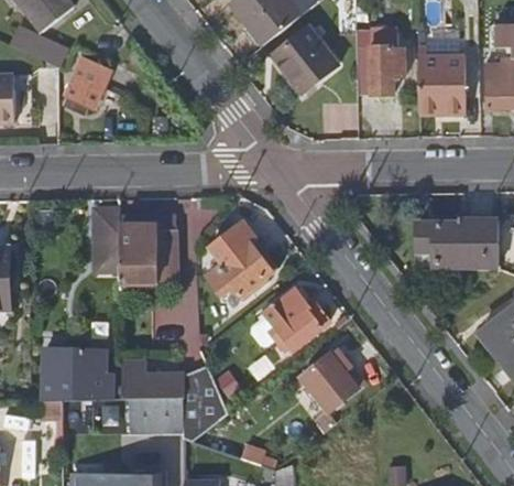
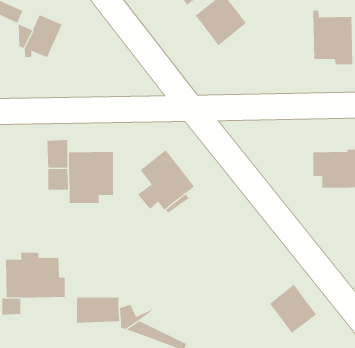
building: [371,46,407,94] -> none
building: [248,289,328,349] -> none
building: [299,350,358,411] -> [269,284,317,333]
building: [121,364,182,400] -> none
building: [189,381,228,423] -> none

